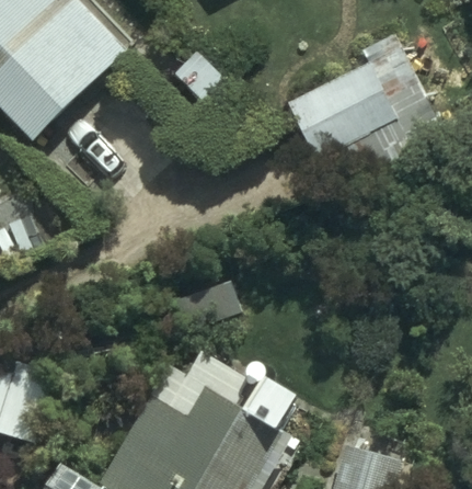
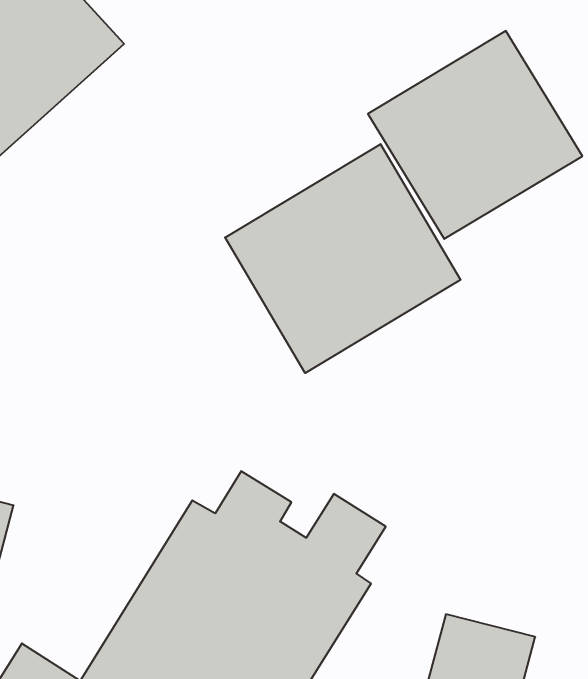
building: none -> [225,144,461,373]

